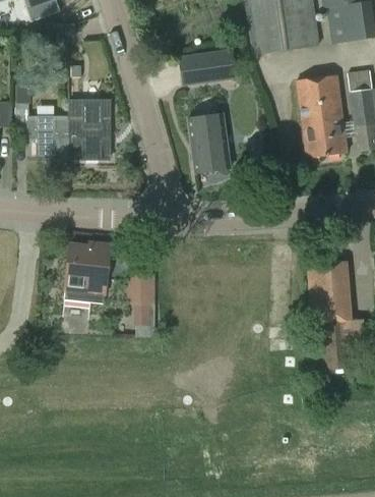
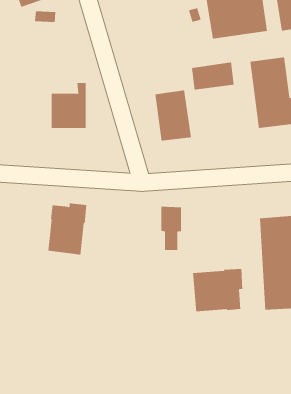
building: [180,50,230,82] -> [191,62,235,90]
building: [16,82,69,158] -> none
building: [129,273,153,324] -> [161,206,182,250]
building: none -> [193,268,243,312]

